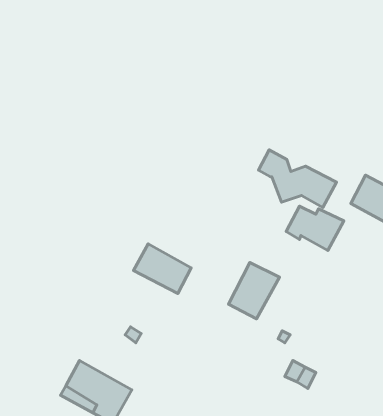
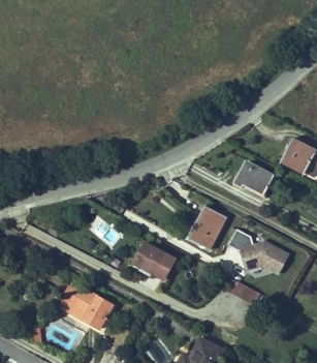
building: [259,150,336,208] -> [228,230,288,274]
building: [133,244,191,293] -> [130,240,175,278]

